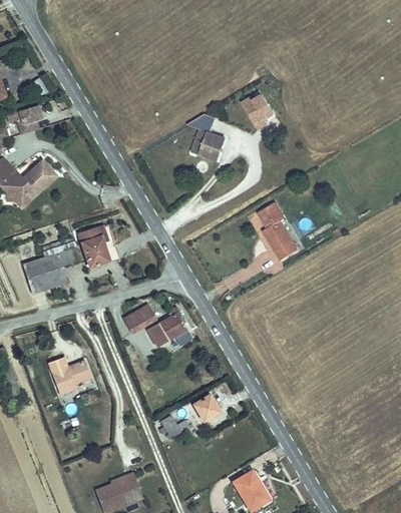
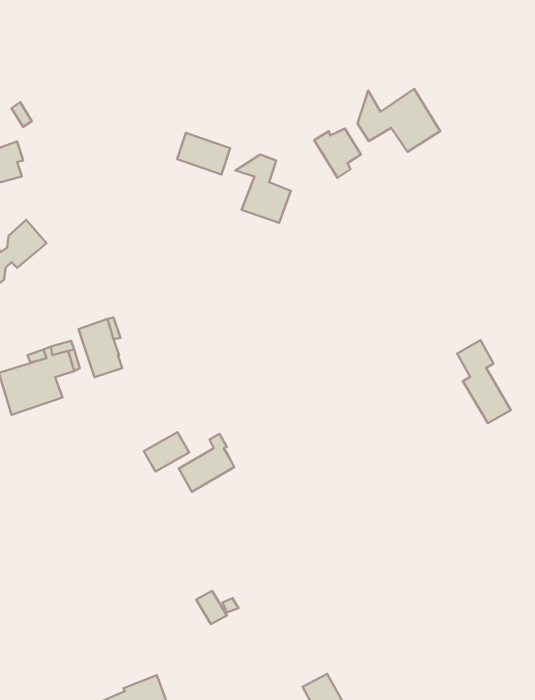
building: none -> [358,89,440,152]
building: none -> [177,133,230,174]
building: [258,196,295,253] -> [457,340,511,423]
building: [47,358,90,395] -> none
building: [192,395,219,422] -> none

